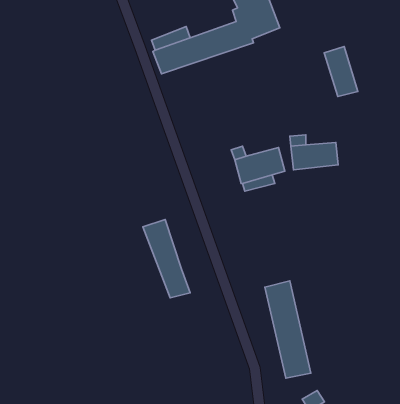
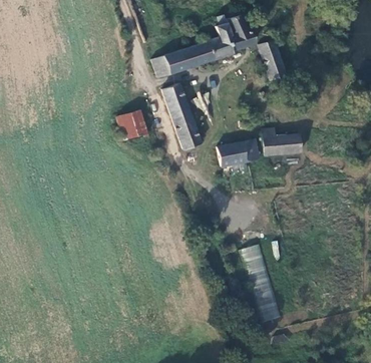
building: [324,47,358,96] -> [259,39,286,79]
building: none -> [117,111,147,141]
building: [143,219,190,298] -> [162,85,201,148]

